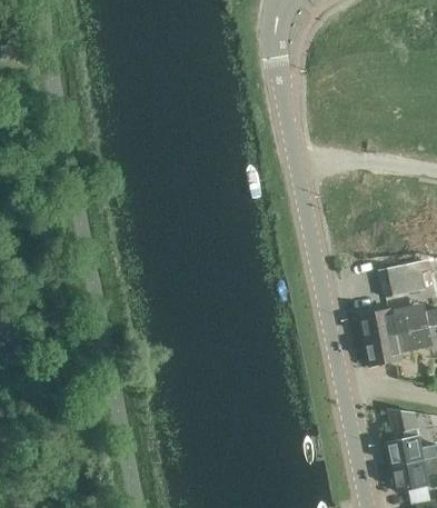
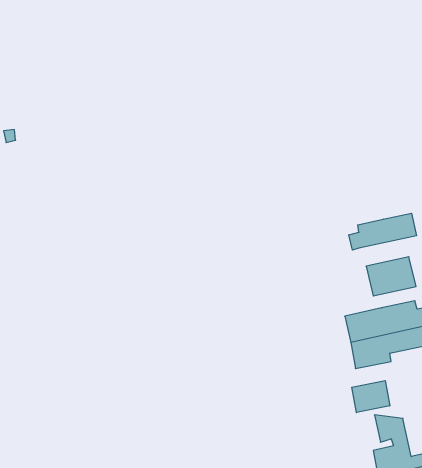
building: none -> [349,213,416,250]
building: none -> [352,381,390,413]

